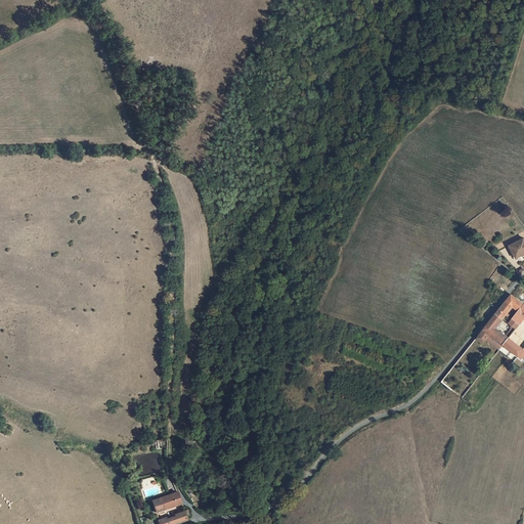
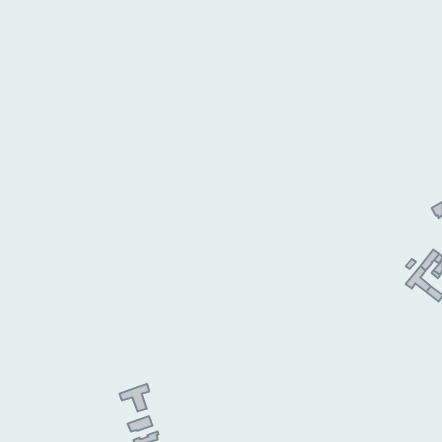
building: none -> [120,384,149,412]

